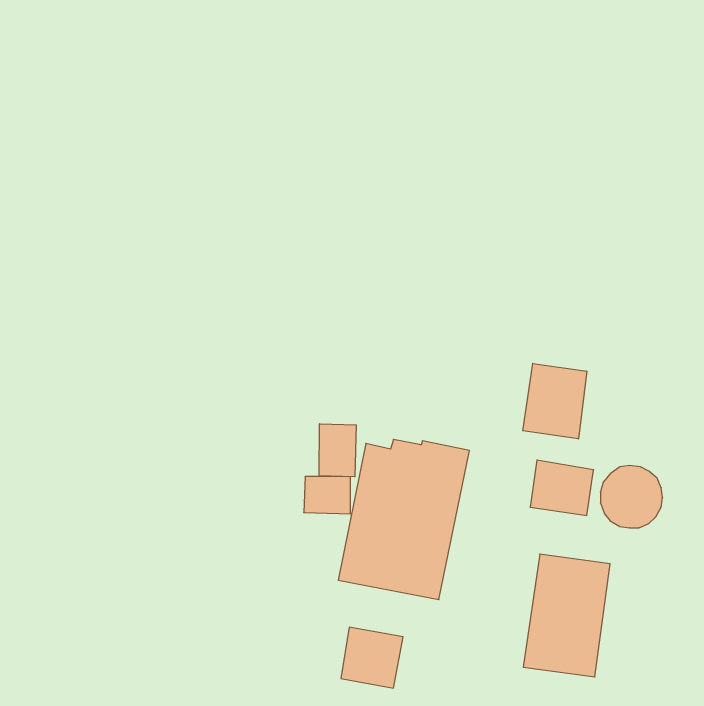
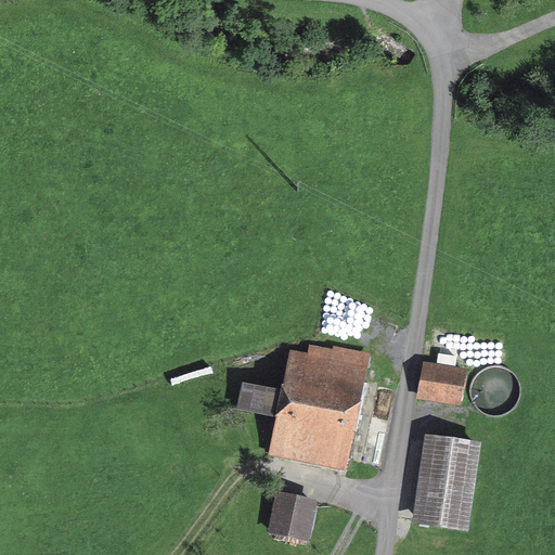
building: [523,363,587,439] -> none
building: [319,424,356,477] -> none

